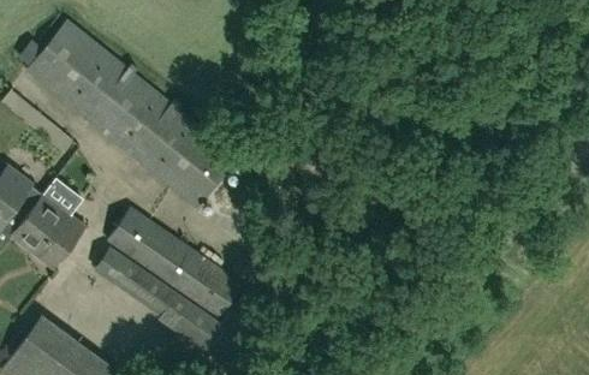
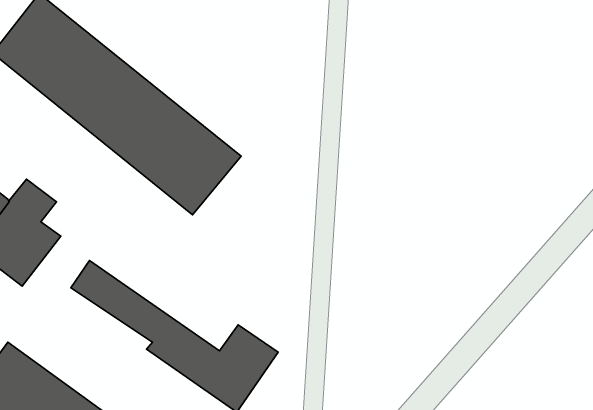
building: [107,207,240,315] -> none

